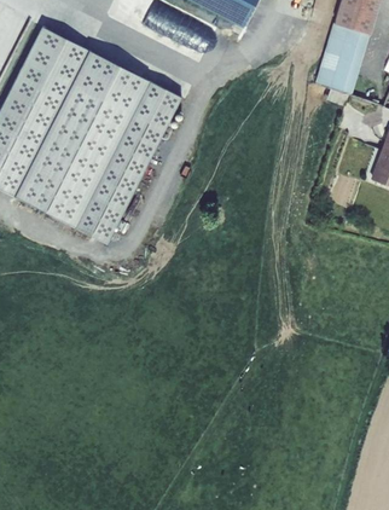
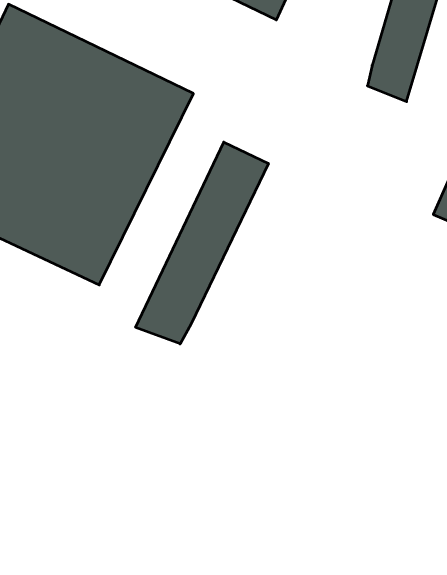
building: none -> [136,142,268,344]

